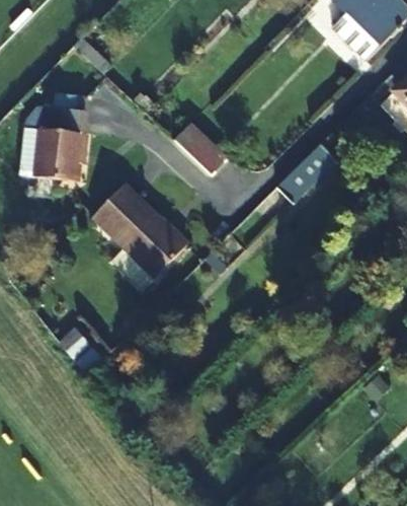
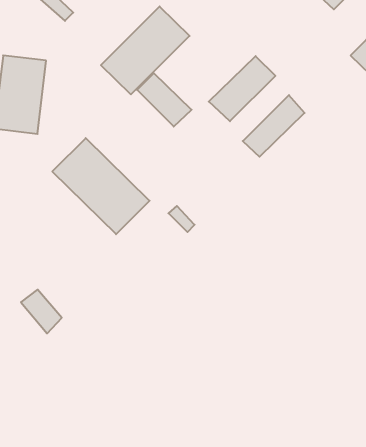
building: none -> [101,6,190,94]
building: none -> [209,56,275,121]

